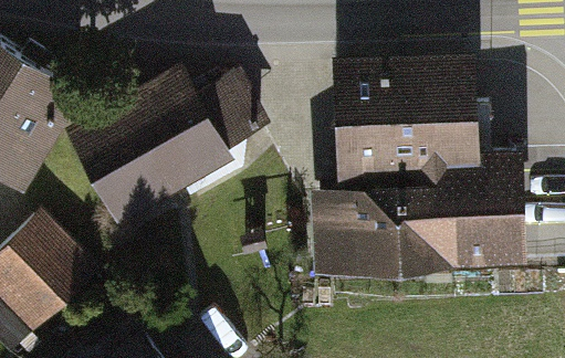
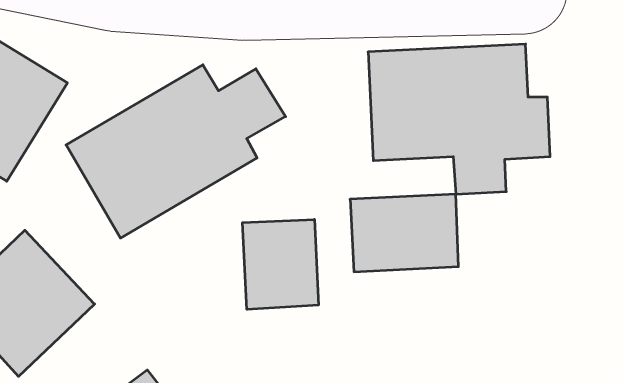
building: [409,155,517,250] -> none
building: none -> [243,219,318,309]

